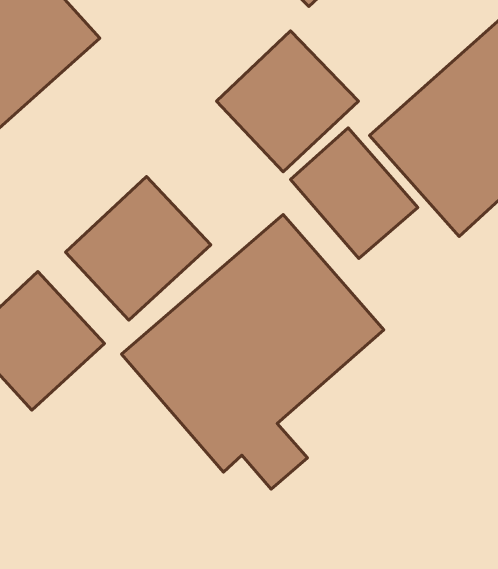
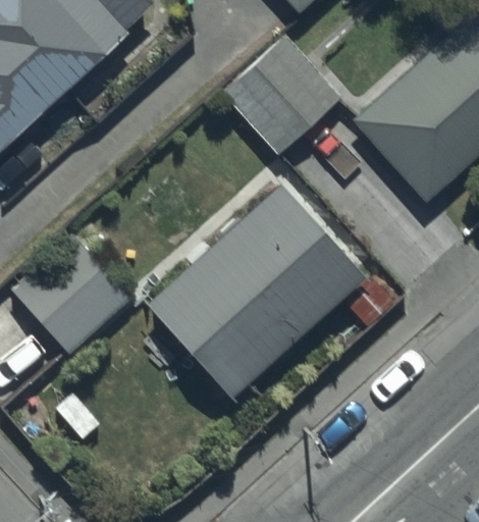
building: [290,128,418,259] -> none
building: [66,177,211,320] -> none

